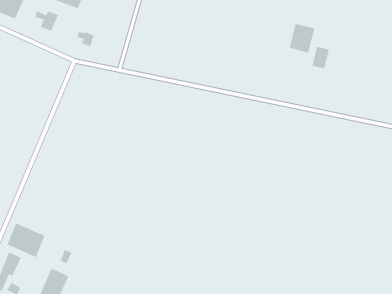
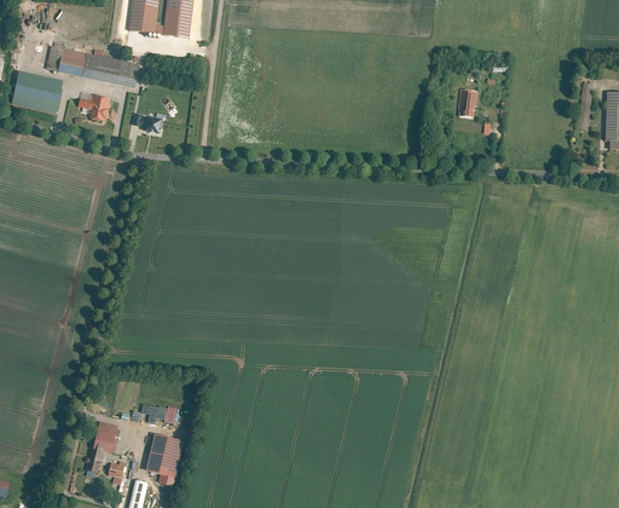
building: [289,23,315,53] -> none
building: [7,222,45,258] -> none

